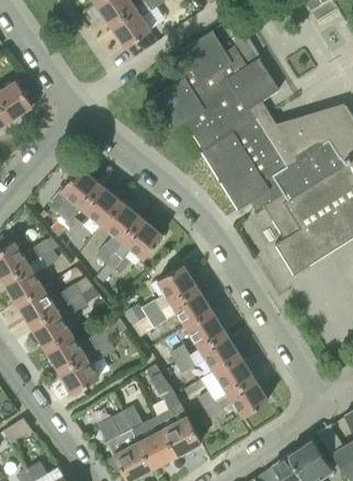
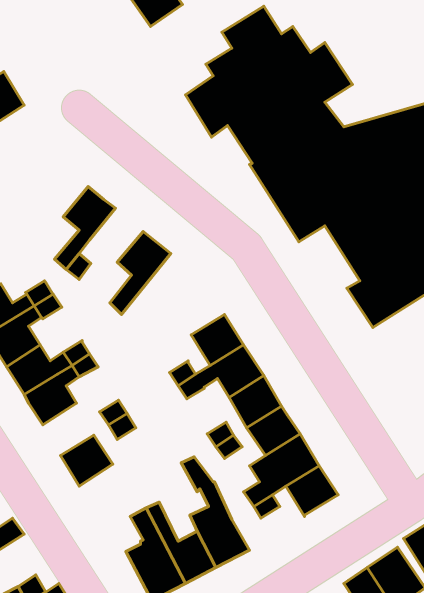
building: [81,184,122,225] -> none
building: [105,219,163,271] -> none
building: [46,332,86,371] -> none

